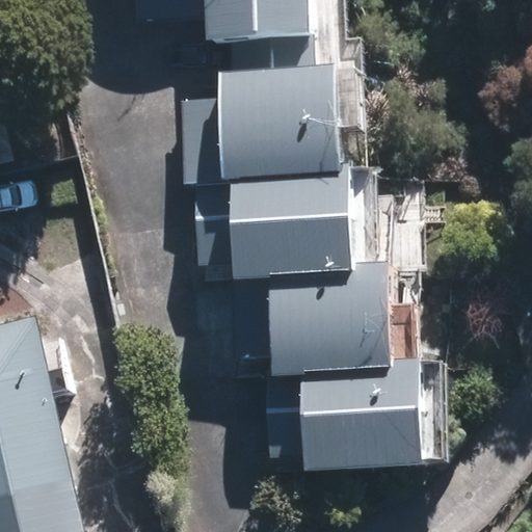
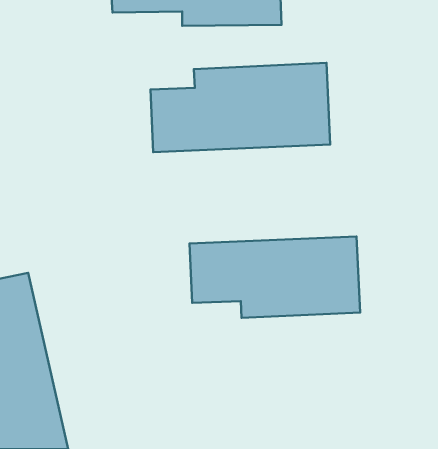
building: [183,179,383,274] -> none
building: [256,374,456,470] -> none

